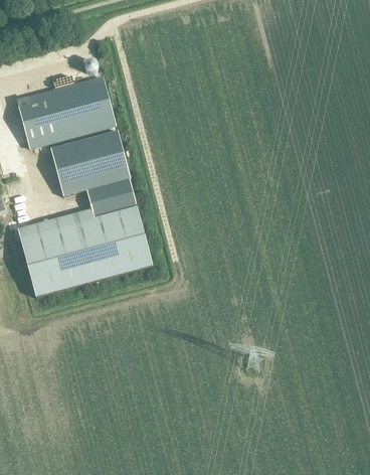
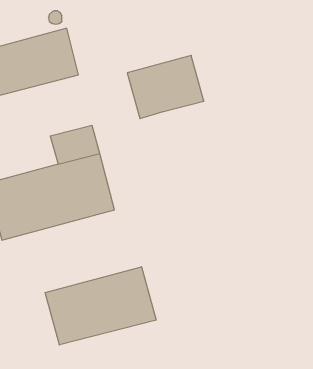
building: [49,129,129,194] -> [127,55,204,119]
building: none -> [45,267,156,345]

